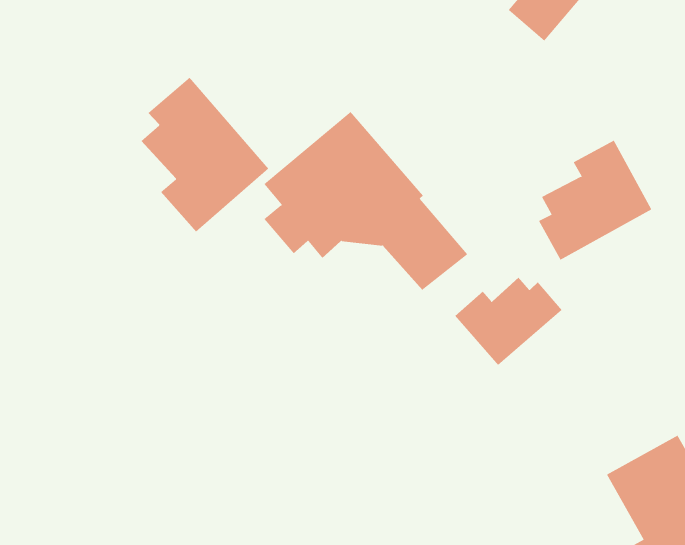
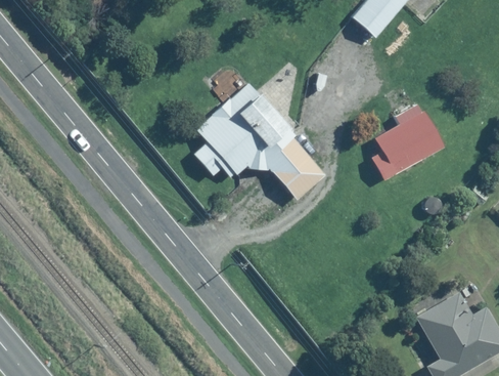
building: [141,77,269,233] -> none
building: [455,277,562,366] -> none

